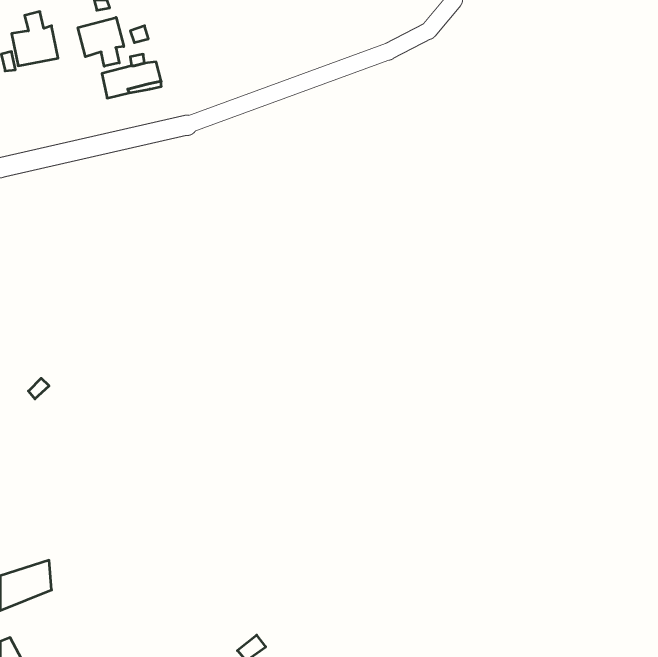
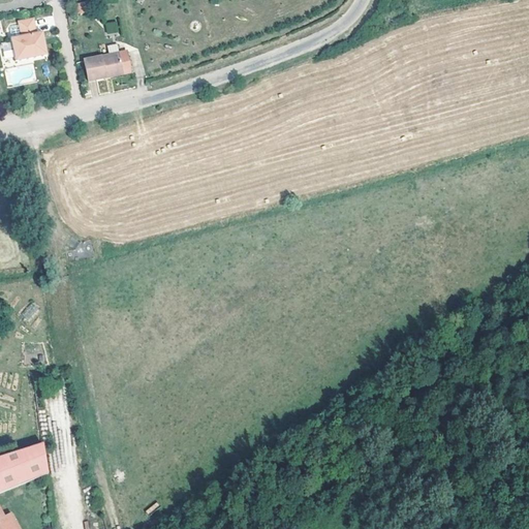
building: [78,17,124,66] -> none

